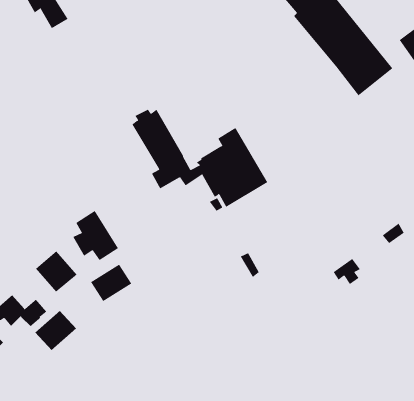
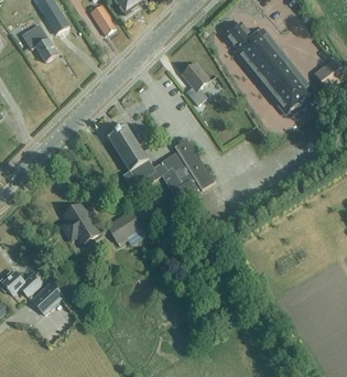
building: none -> [181,61,209,104]
building: [35,250,77,293] -> none
building: [90,264,132,302] -> [106,209,139,239]

